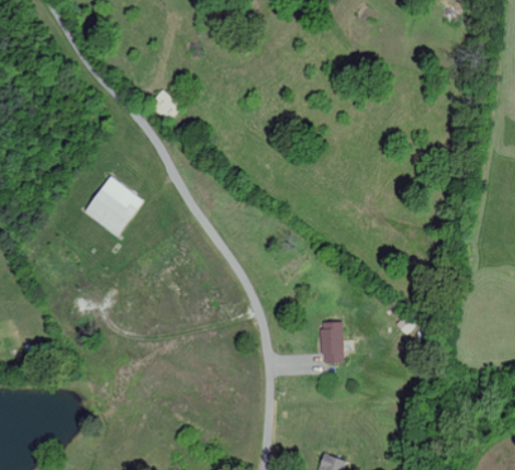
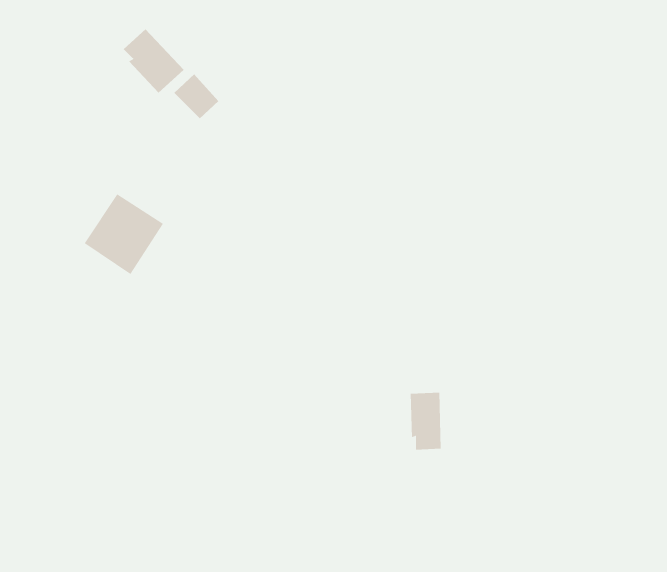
building: none -> [123,29,184,93]

